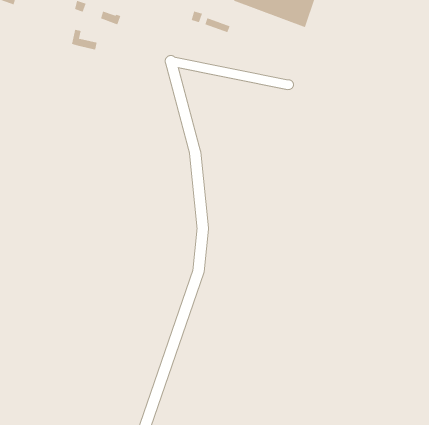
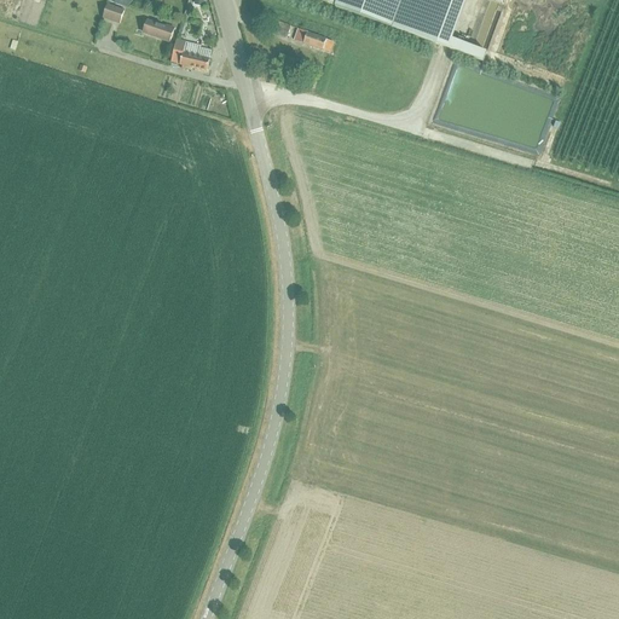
building: [71,29,97,50] -> [173,35,210,65]

